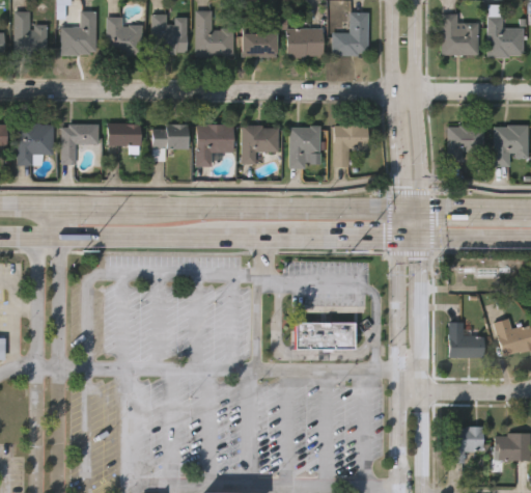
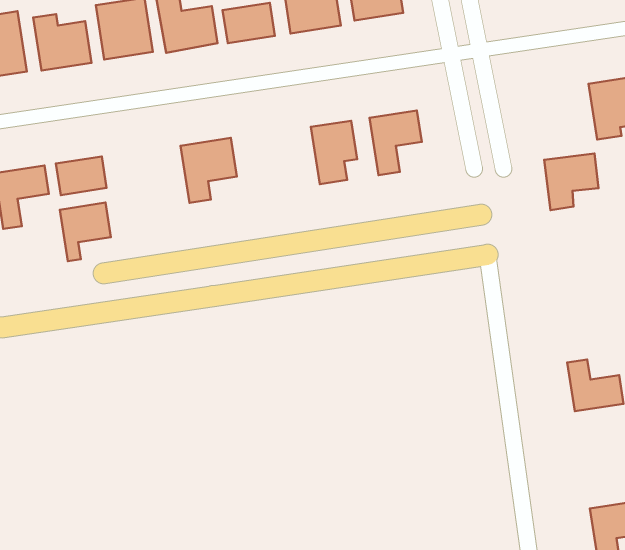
building: [153,124,187,161] -> [60,203,111,261]
building: [242,126,280,163] -> none
building: [446,126,483,162] -> [544,154,599,210]
building: [296,321,355,348] -> none

